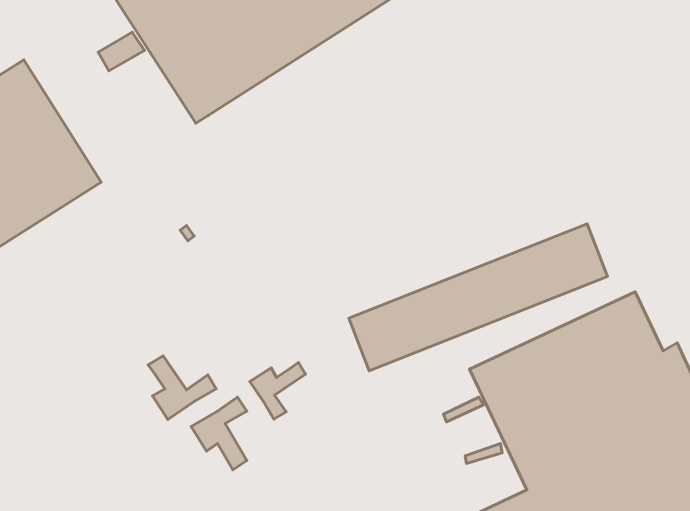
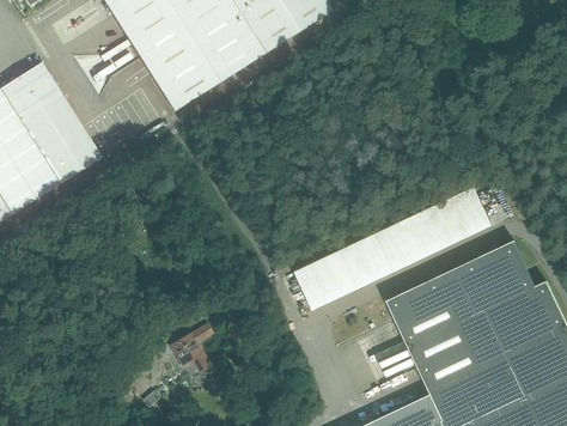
building: [148,356,216,419] -> none
building: [250,363,305,419] -> none

